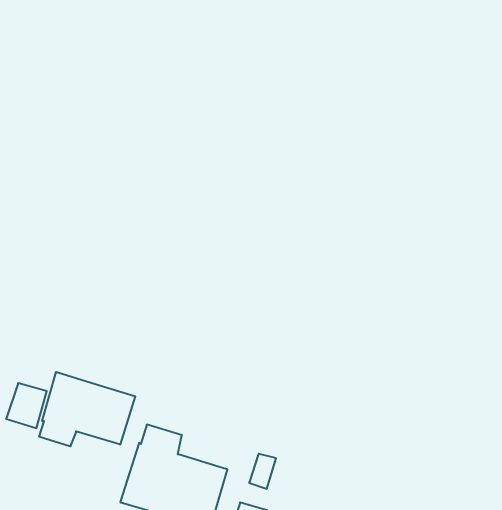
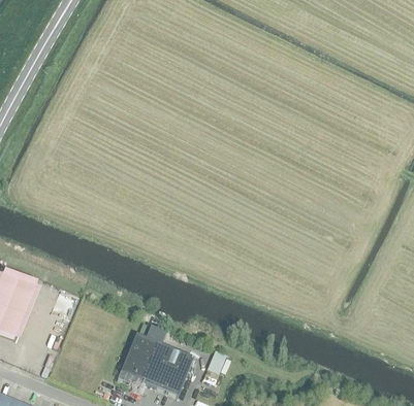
building: [39,372,135,446] -> none

